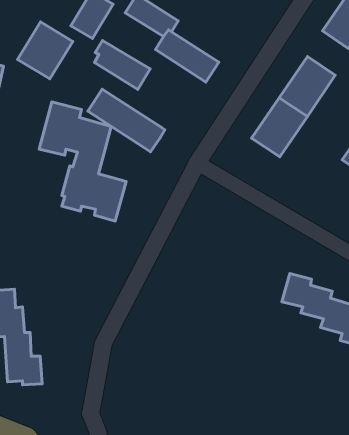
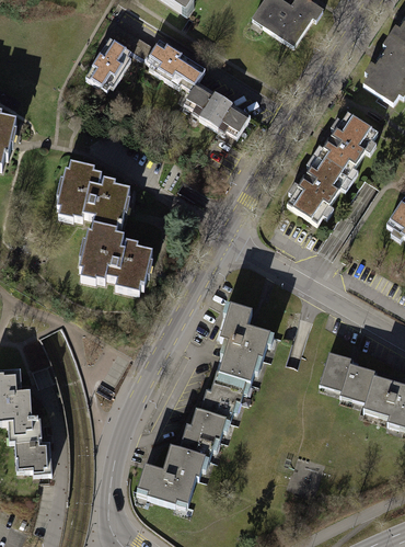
building: [17,22,73,79] -> none
building: [94,40,150,89] -> none
building: [88,89,165,152] -> none
building: none -> [136,301,271,511]

